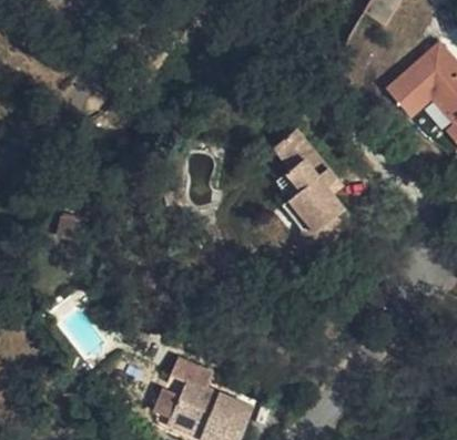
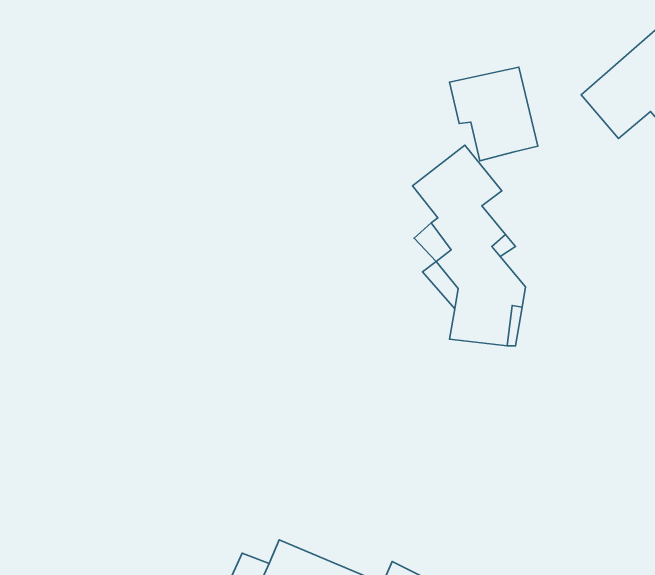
building: none -> [449,67,538,161]

